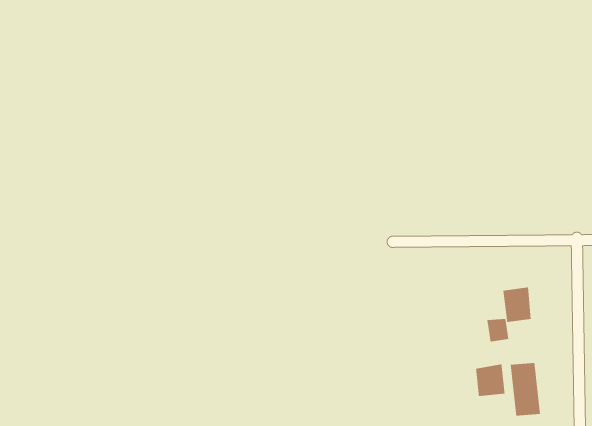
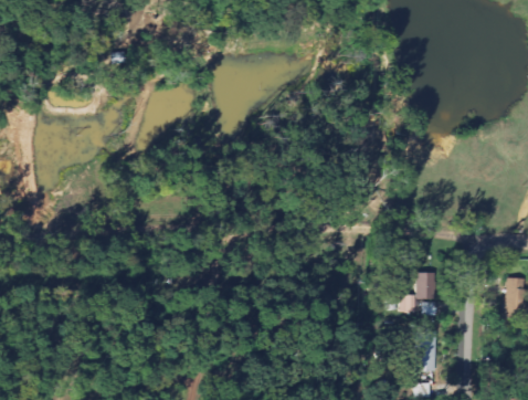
building: [476,364,505,397] -> none

